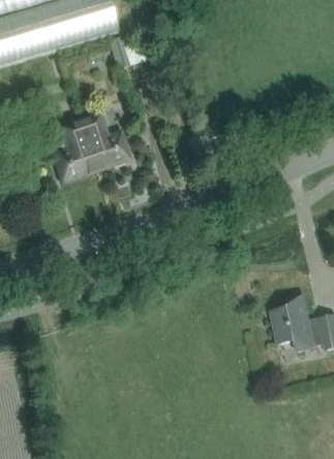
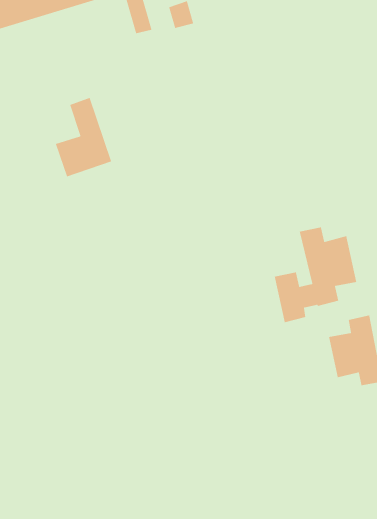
building: [82,110,128,167] -> none
building: none -> [274,226,357,323]

